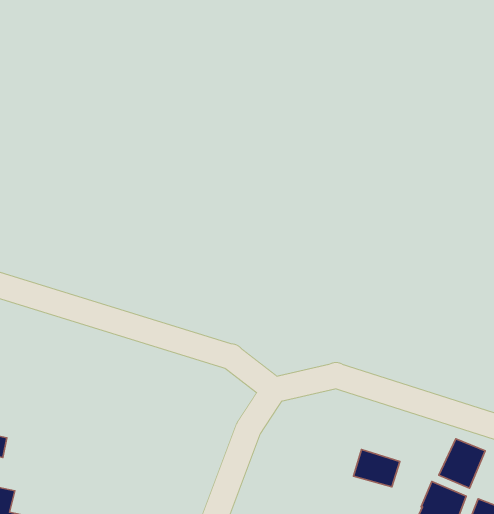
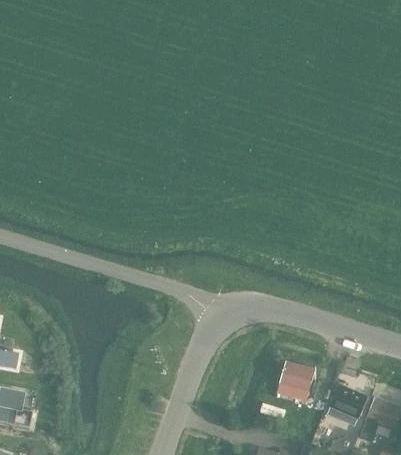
building: [439,439,485,488] -> none

